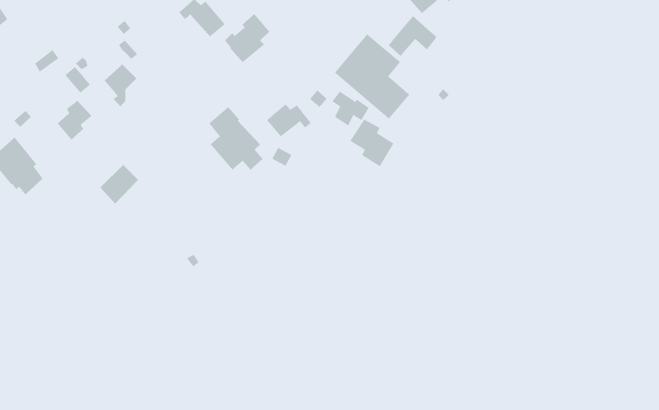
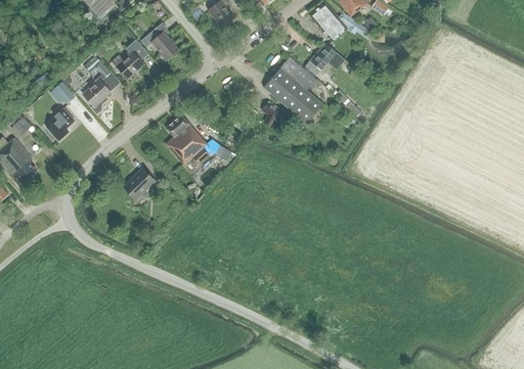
building: [224,13,270,63] -> [113,39,148,78]
building: [266,103,312,137] -> none
building: [349,119,394,167] -> none
building: [100,164,139,205] -> [124,168,155,199]

